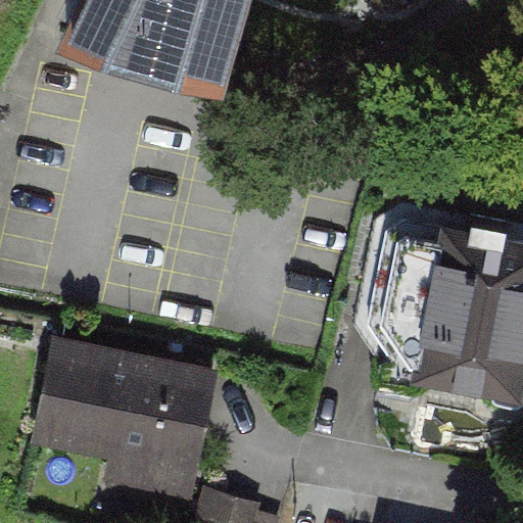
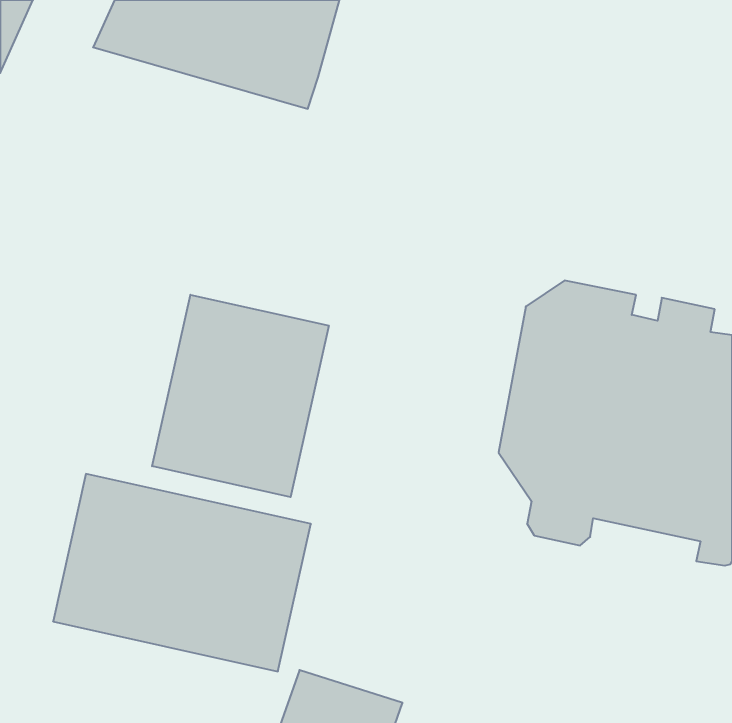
building: none -> [152,295,329,497]

